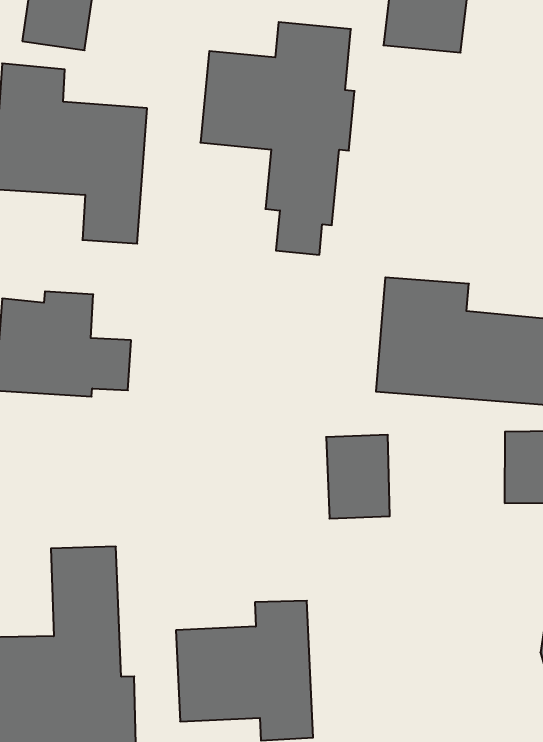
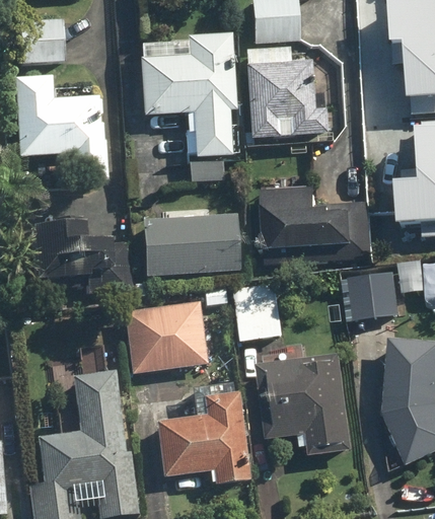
building: none -> [244,49,322,139]
building: none -> [140,203,234,271]
building: none -> [125,298,206,370]
building: none -> [257,358,350,446]

